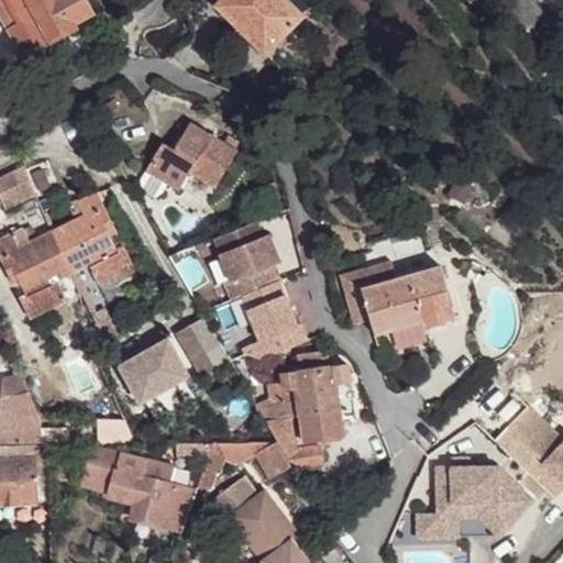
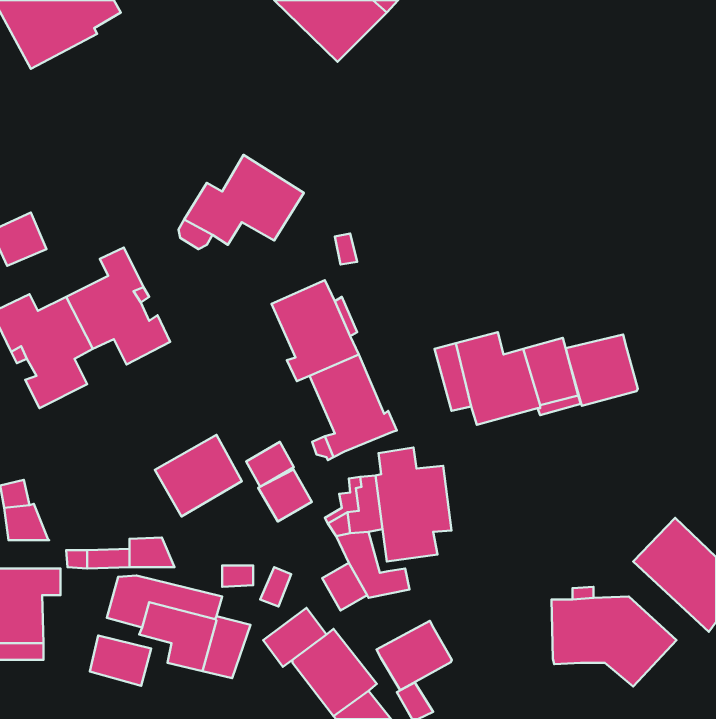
building: none -> [566,335,638,406]
building: [177,320,219,361] -> [258,470,312,522]
building: none -> [377,621,452,690]
building: none -> [90,636,151,686]
building: [412,515,455,541] -> none

